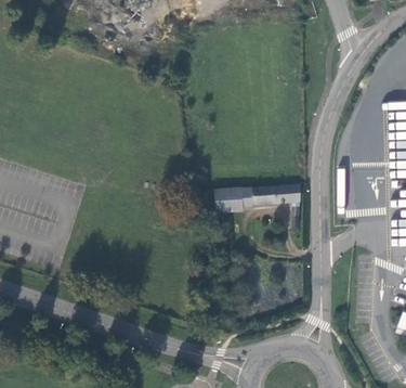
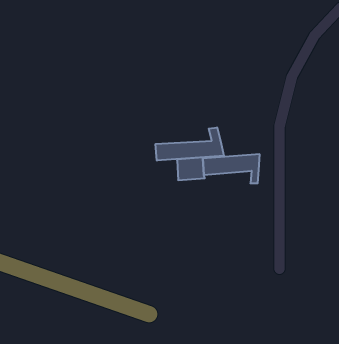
building: none -> [156,127,224,161]

